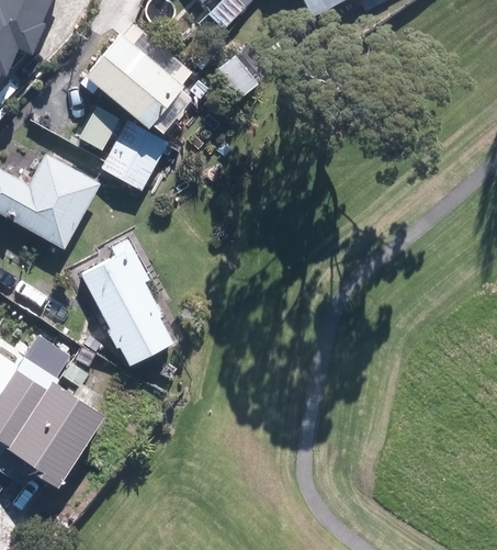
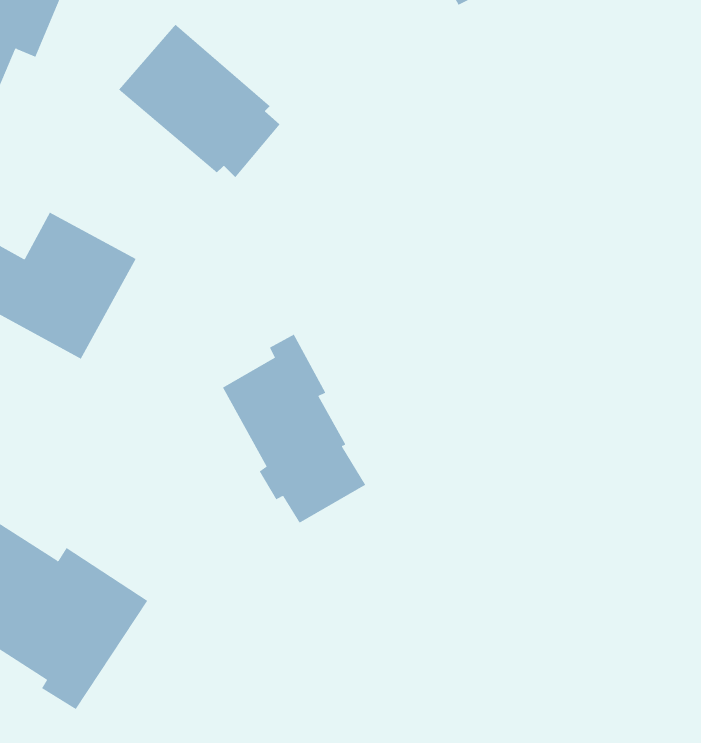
building: [98,121,166,191] -> none
building: [79,239,173,363] -> [222,334,366,523]

